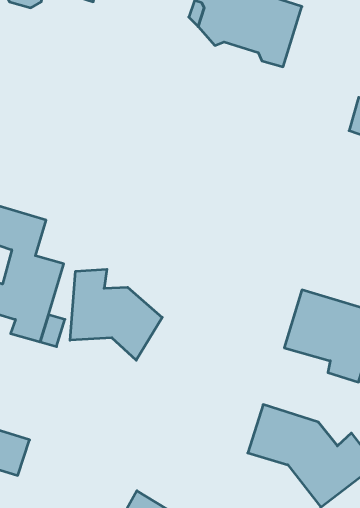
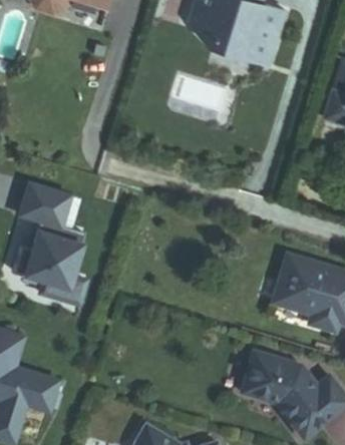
building: [70,269,162,360] -> none

